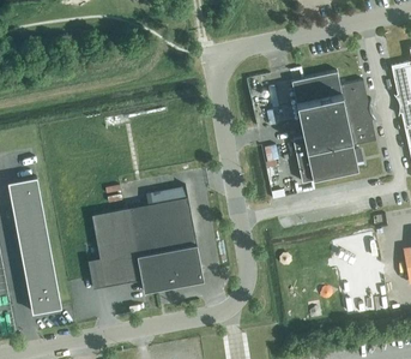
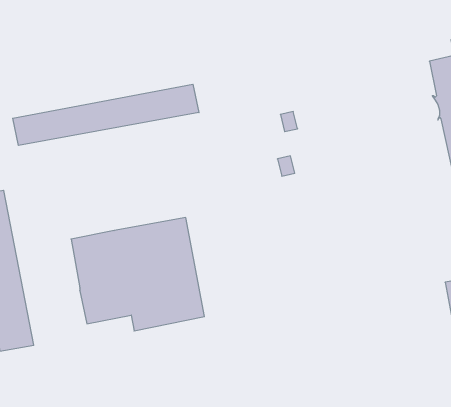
building: [291,72,375,184] -> none
building: none -> [13,84,199,145]

